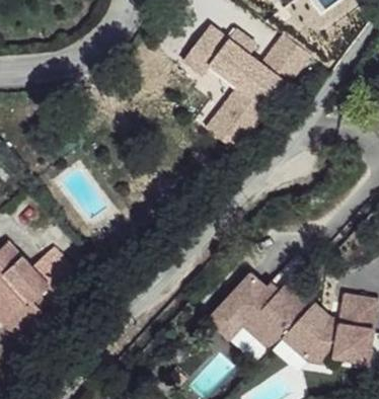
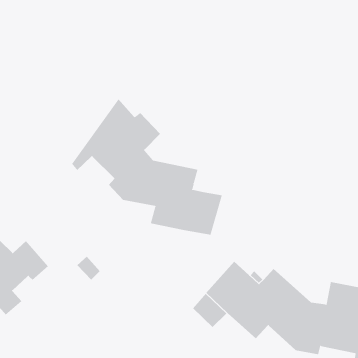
building: [181,26,308,152] -> none
building: none -> [71,98,222,235]

